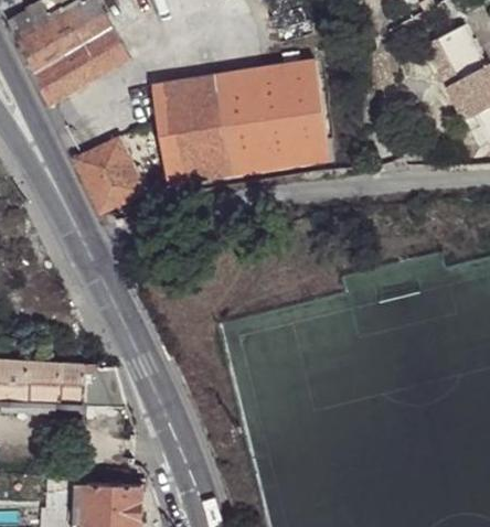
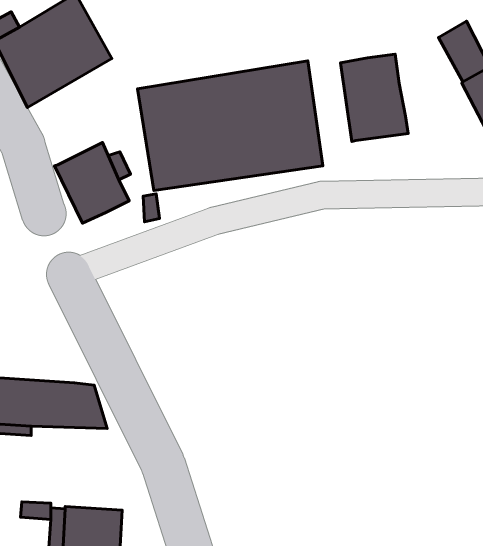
building: none -> [341,54,408,142]

